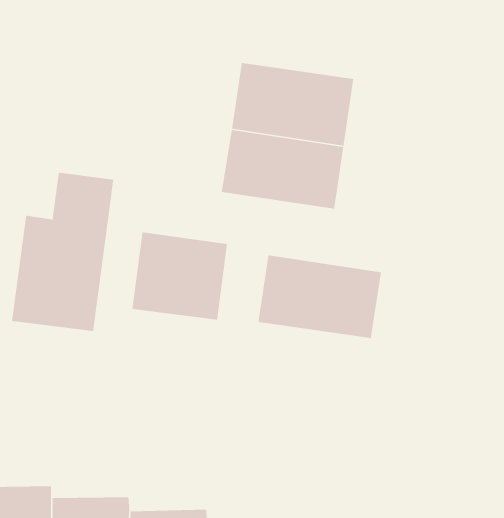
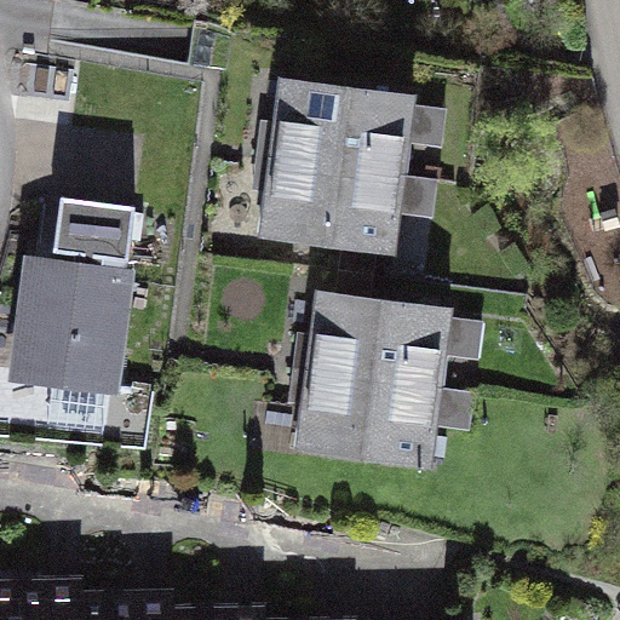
building: [132,232,228,320] -> none
building: none -> [295,386,442,482]

